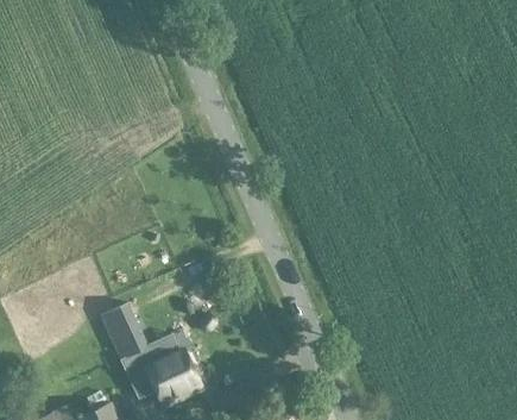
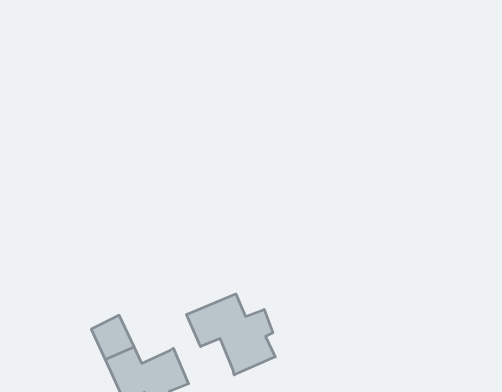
building: none -> [187,294,275,375]

